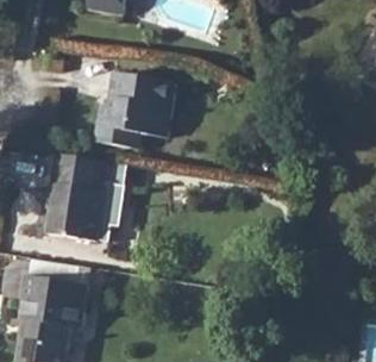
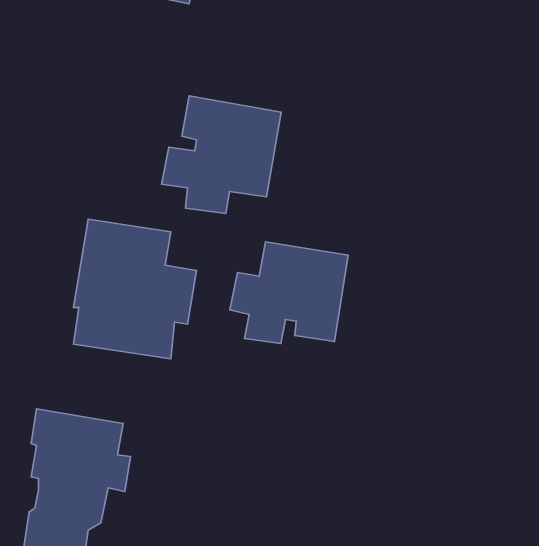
building: none -> [230,242,348,343]

